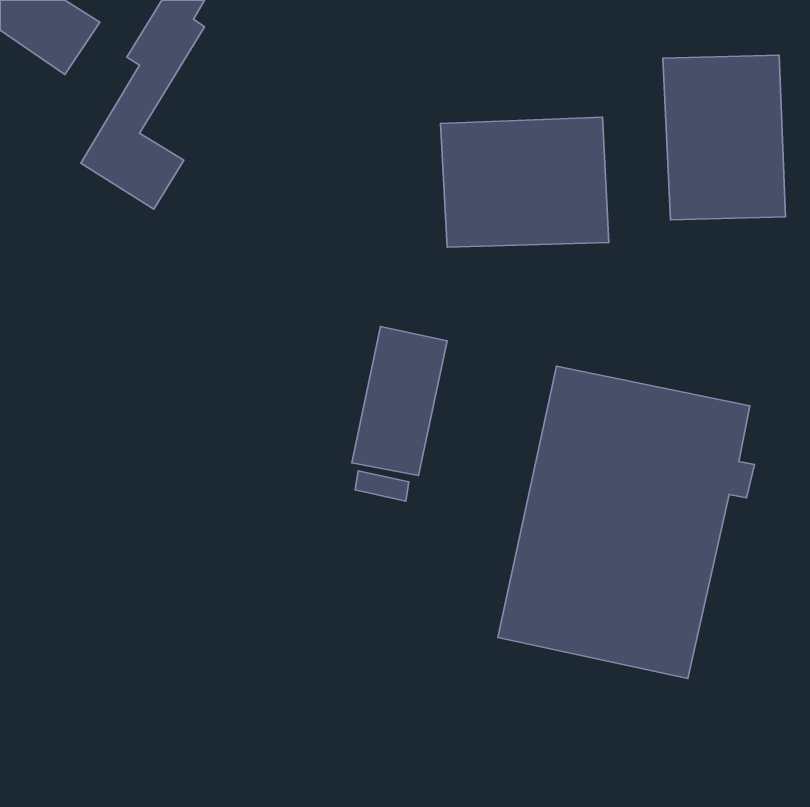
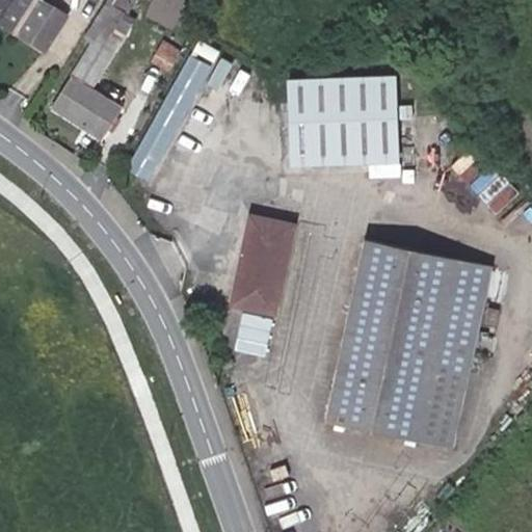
building: [663,55,786,220] -> none
building: none -> [128,42,220,181]

